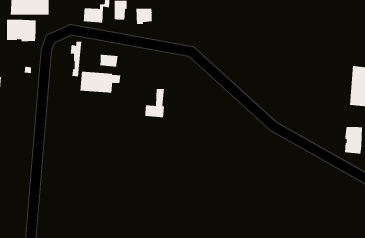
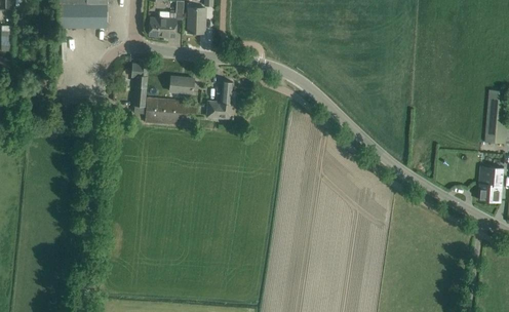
building: [136,8,153,25] -> none
building: [6,19,36,42] -> none
building: [145,89,165,118] -> [206,81,232,118]

